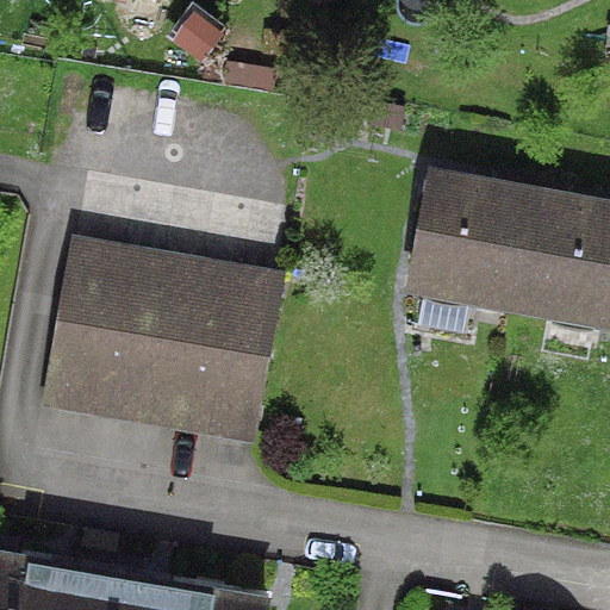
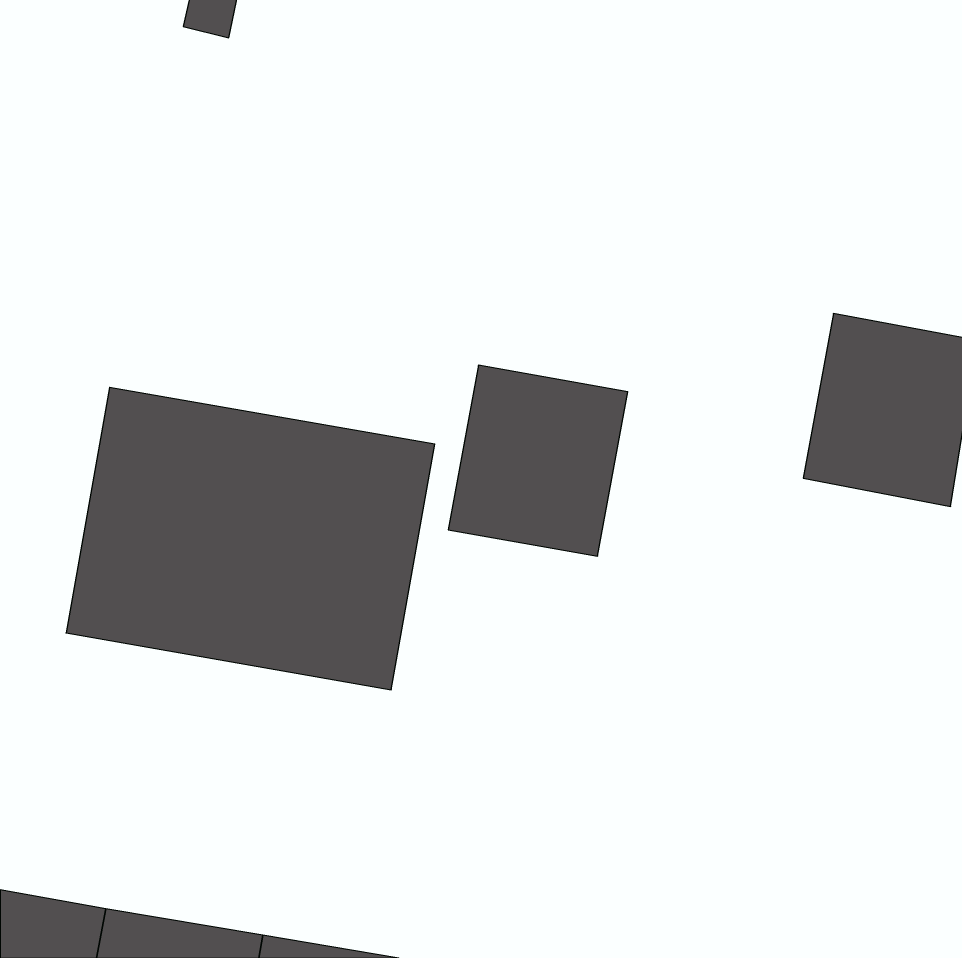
building: [415,181,528,301] -> [448,365,628,556]

